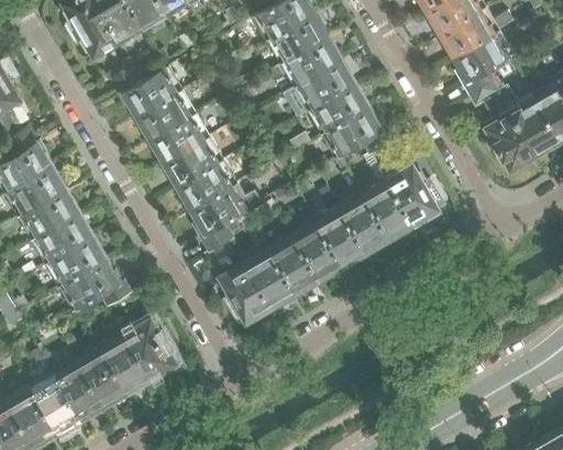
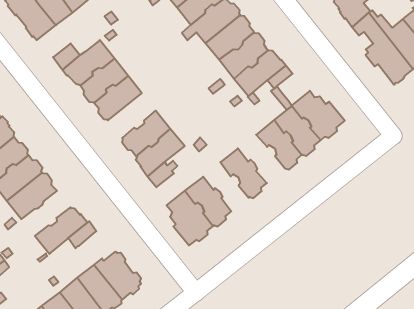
building: [165,138,223,187] -> none
building: [314,207,367,268] -> none
building: [268,233,319,296] -> none
building: [45,239,106,288] -> none

